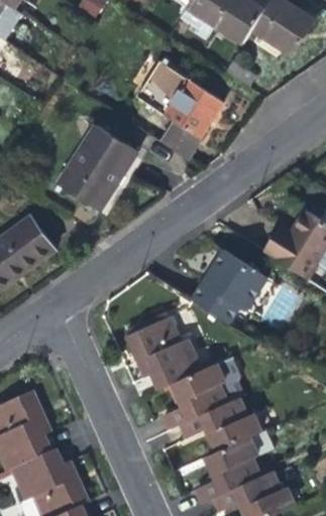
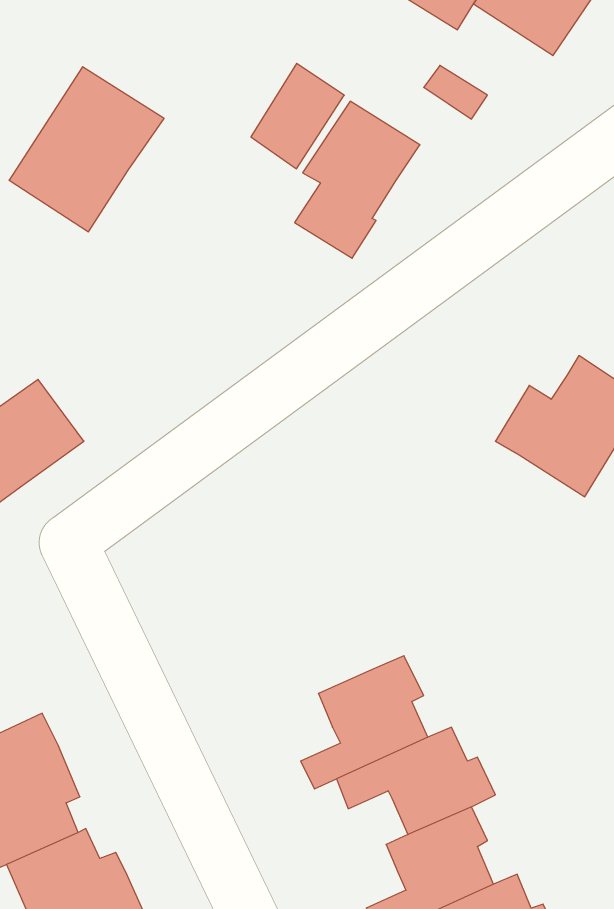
building: [59,126,137,210] -> [9,67,164,232]
building: [190,248,263,321] -> none
building: [127,315,199,385] -> none

